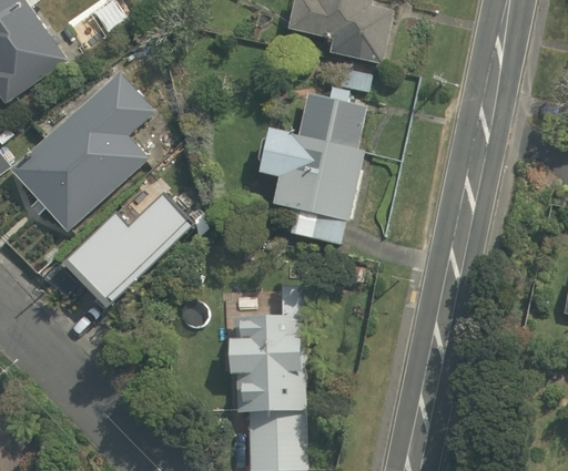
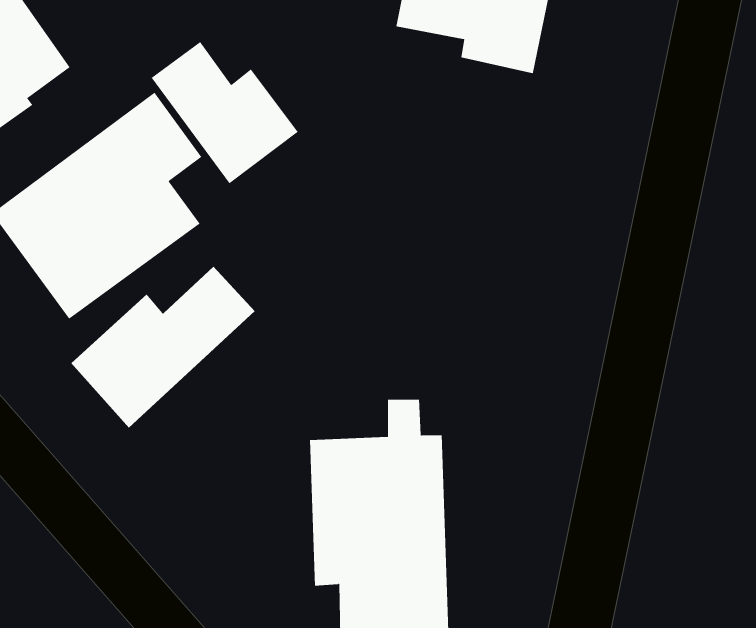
building: none -> [151,41,298,184]
building: [256,94,365,242] -> none

